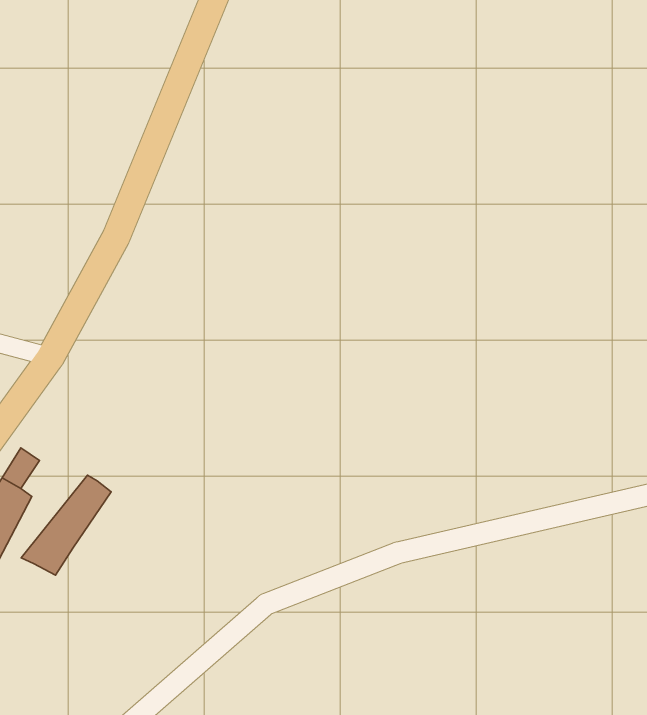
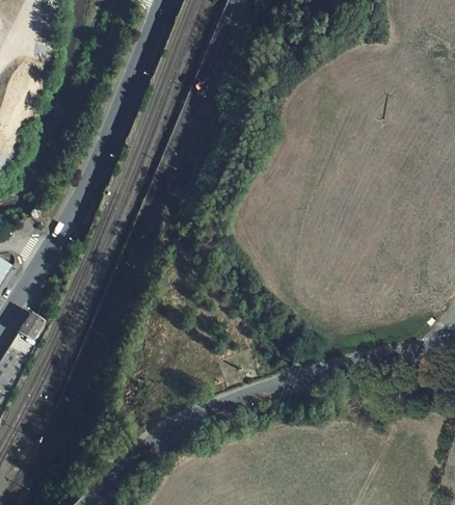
building: [21,475,111,575] -> none

